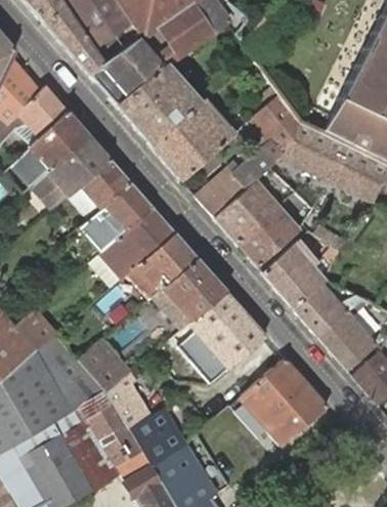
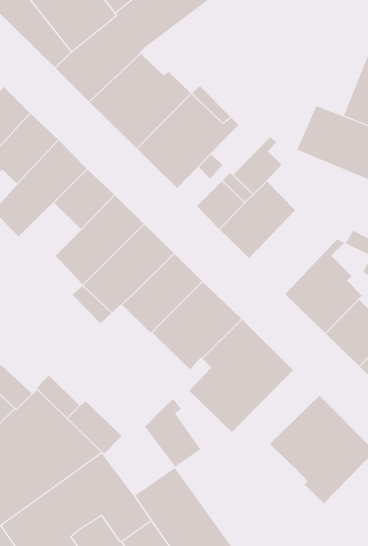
building: [254,94,301,168] -> none
building: [238,206,300,267] -> none
building: [107,372,153,428] -> [144,398,201,467]

